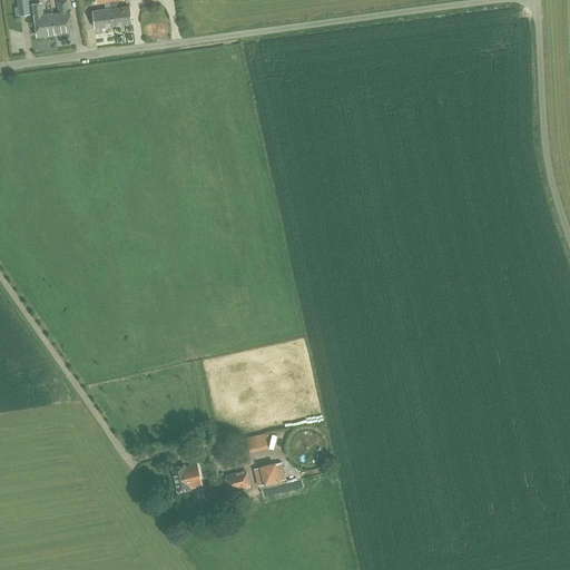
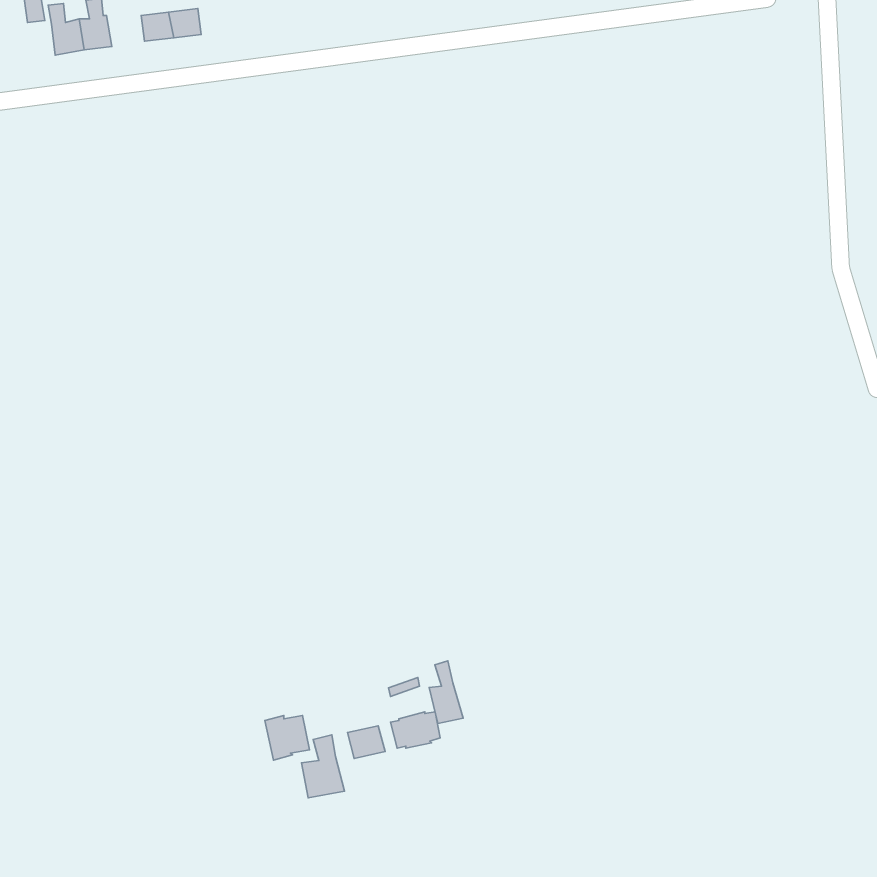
building: none -> [429,661,463,724]
building: none -> [301,735,344,798]

